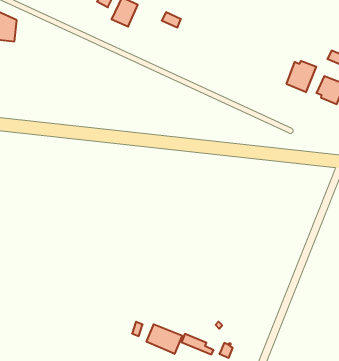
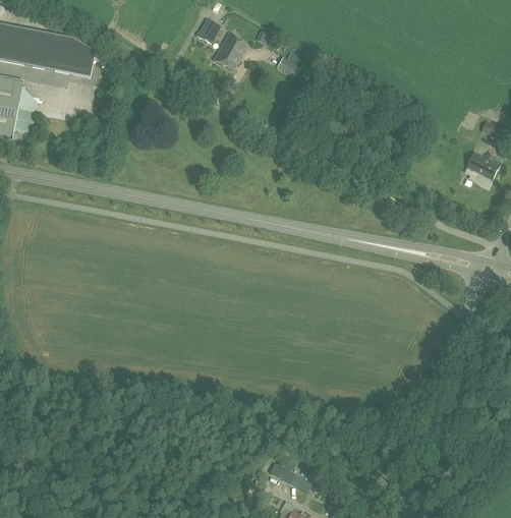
building: [287,61,316,92] -> none
building: [147,324,182,354] -> none

